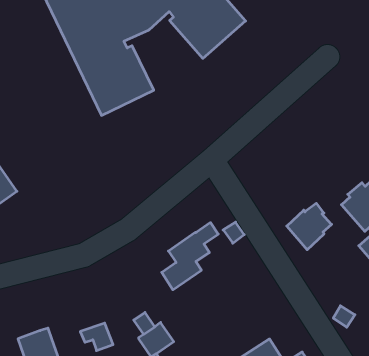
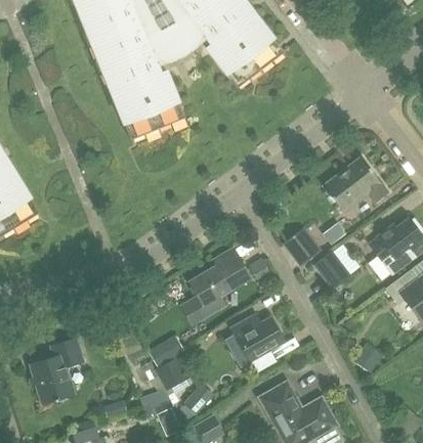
building: none -> [322,158,387,213]
building: none -> [283,227,320,265]
building: none -> [224,314,284,365]
building: [80,323,113,351] -> [49,338,82,365]

